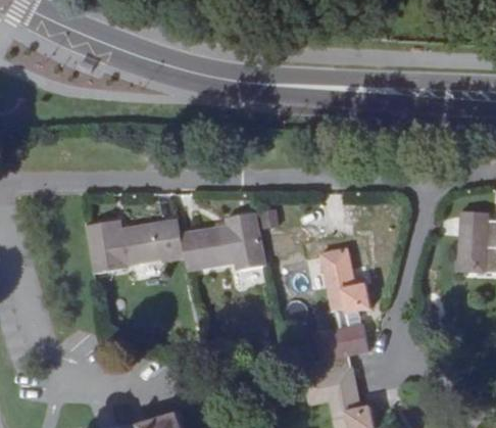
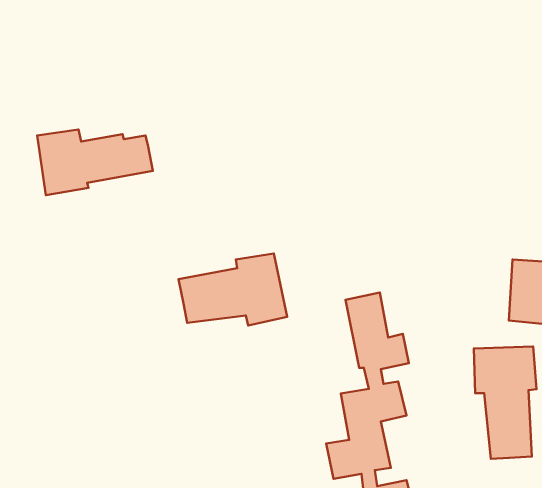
building: [86,222,183,277] -> [37,129,153,195]
building: none -> [474,347,536,459]

